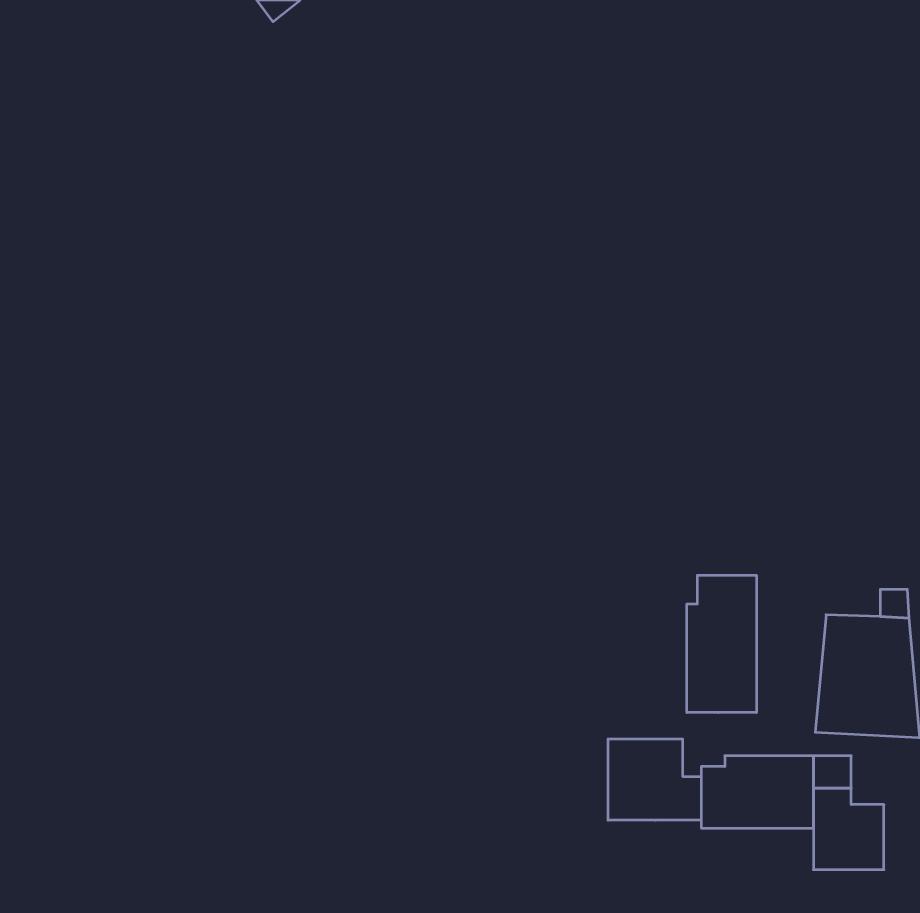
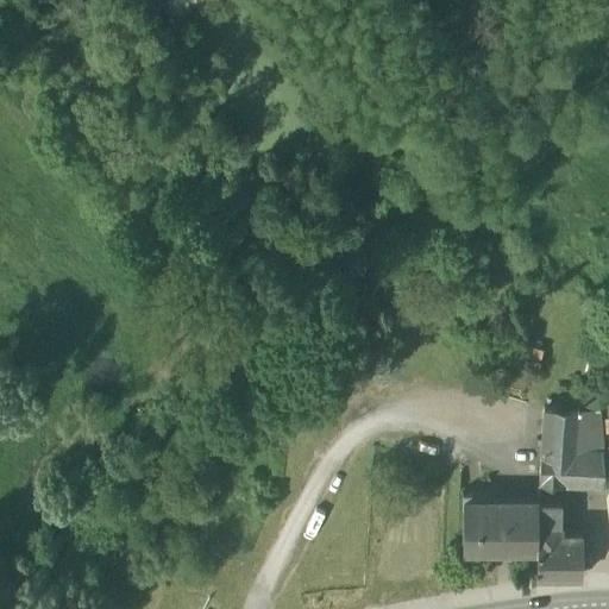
building: [687,575,756,713] -> none
building: [608,739,701,820] -> none

